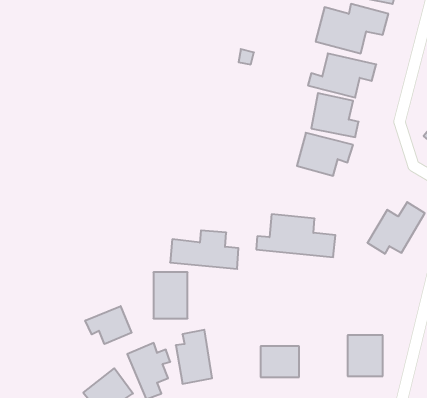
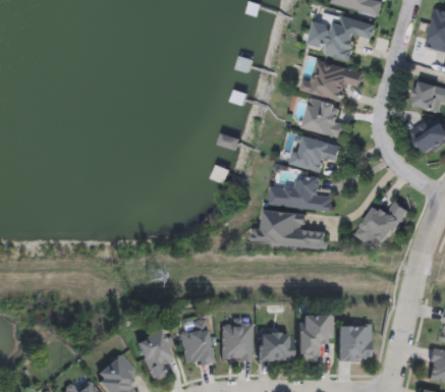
building: [170,230,238,269] -> [269,176,332,212]
building: [153,272,188,318] -> [220,318,252,360]
building: [85,306,132,344] -> none
building: none -> [297,314,332,361]

